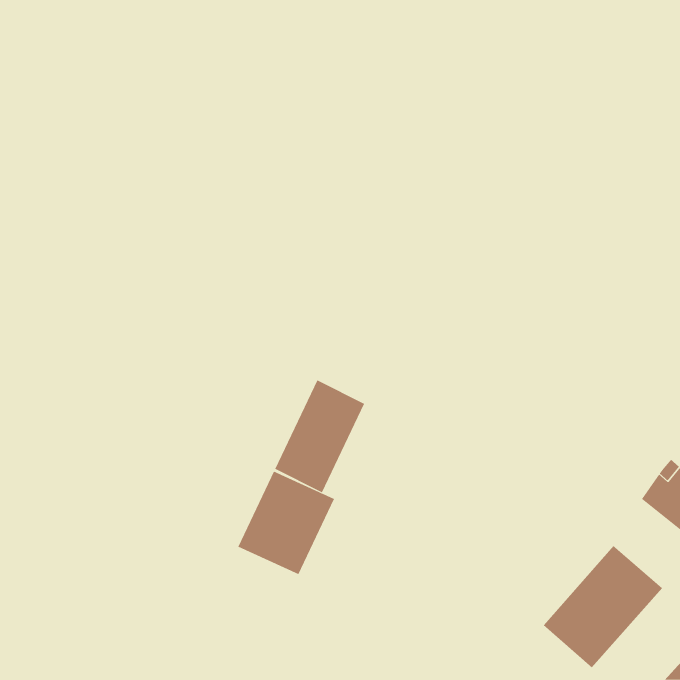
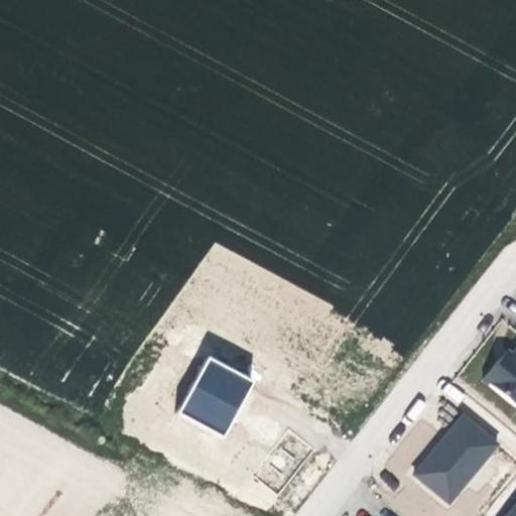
building: [275,380,365,493] -> none

